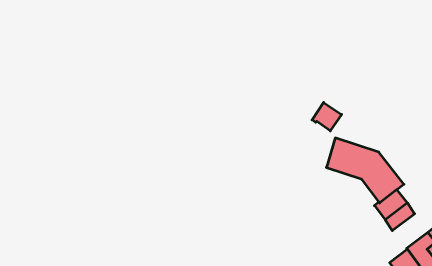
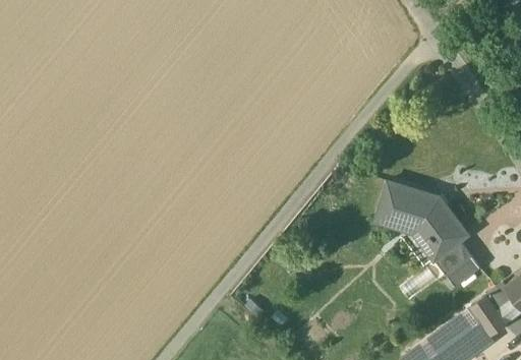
building: [312,102,342,131] -> none

